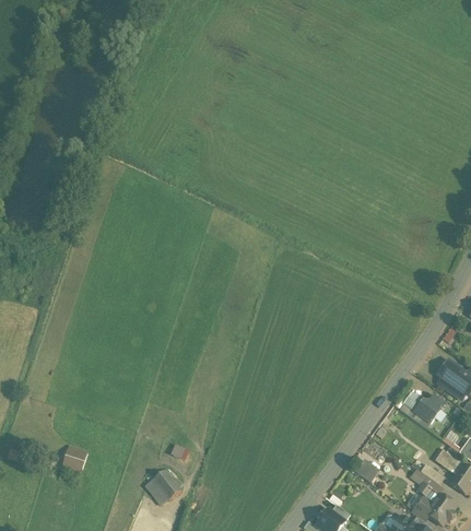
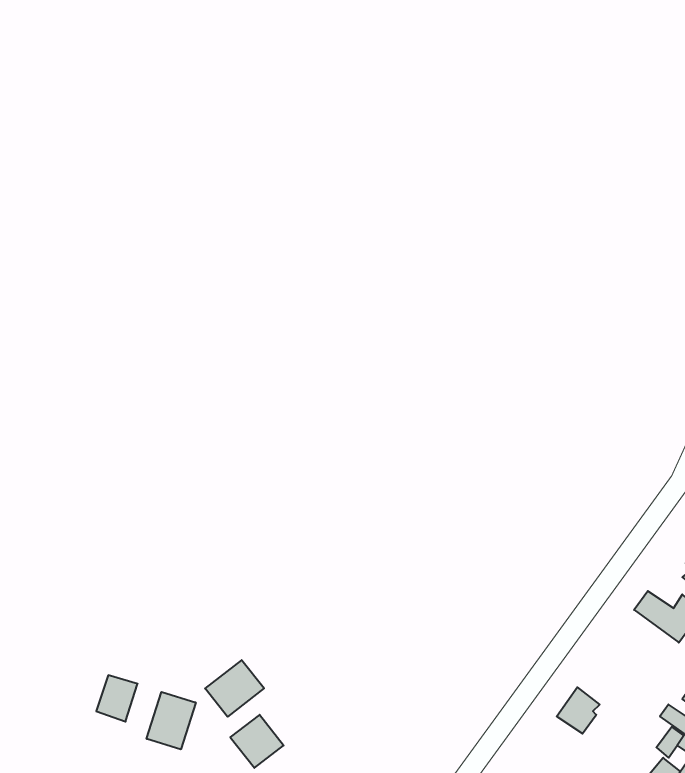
building: none -> [205,660,264,717]
building: none -> [147,692,196,749]

